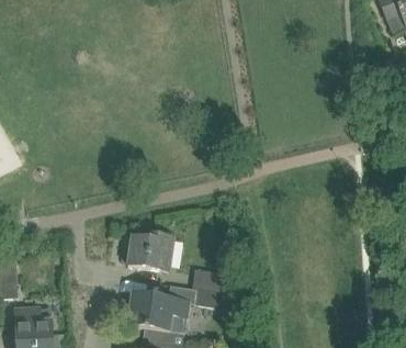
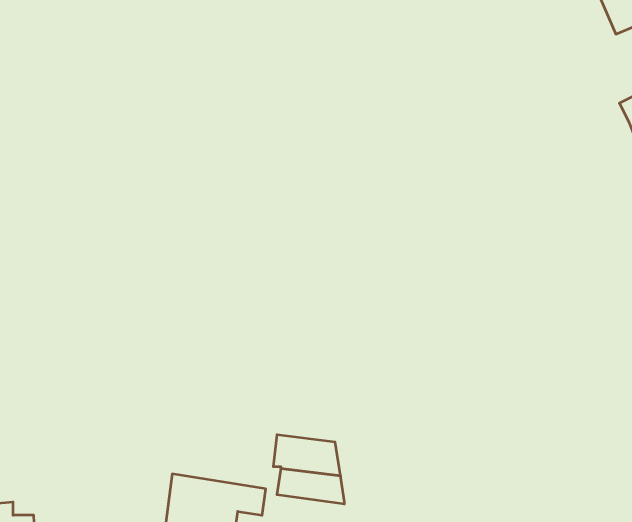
building: [126,232,173,270] -> none

